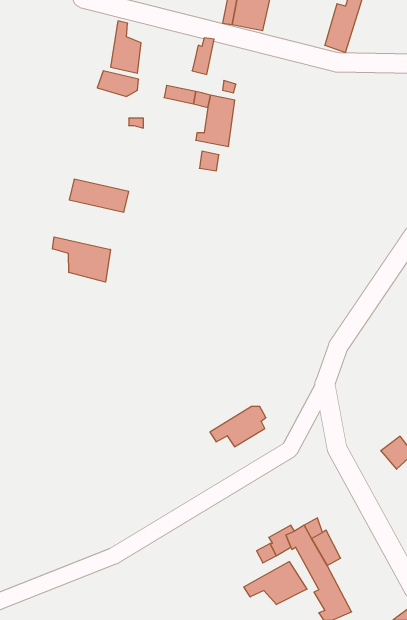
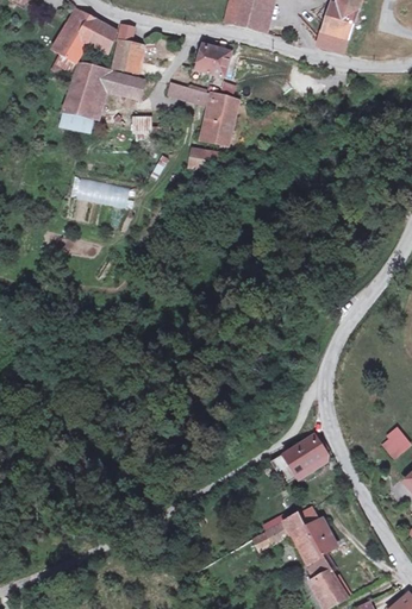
building: none -> [55,10,117,61]
building: none -> [207,39,229,77]
building: none -> [64,64,106,120]
building: [53,237,110,282] -> none
building: [210,407,266,447] -> [276,437,331,476]
building: [244,562,307,605] -> none

